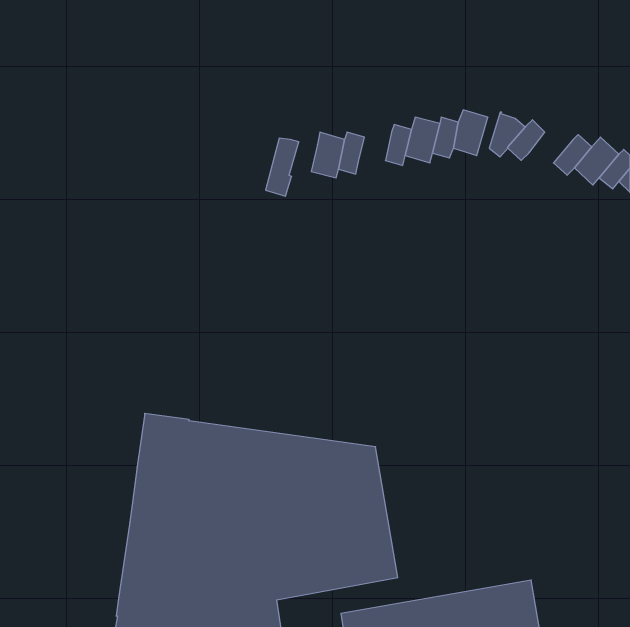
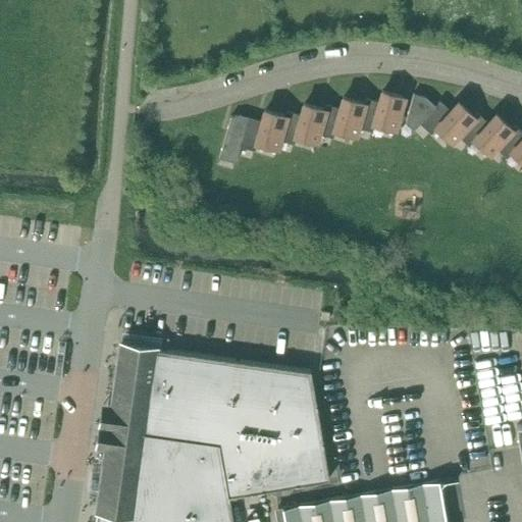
building: none -> [436,104,473,144]
building: none -> [296,106,323,144]
building: none -> [239,118,262,153]

